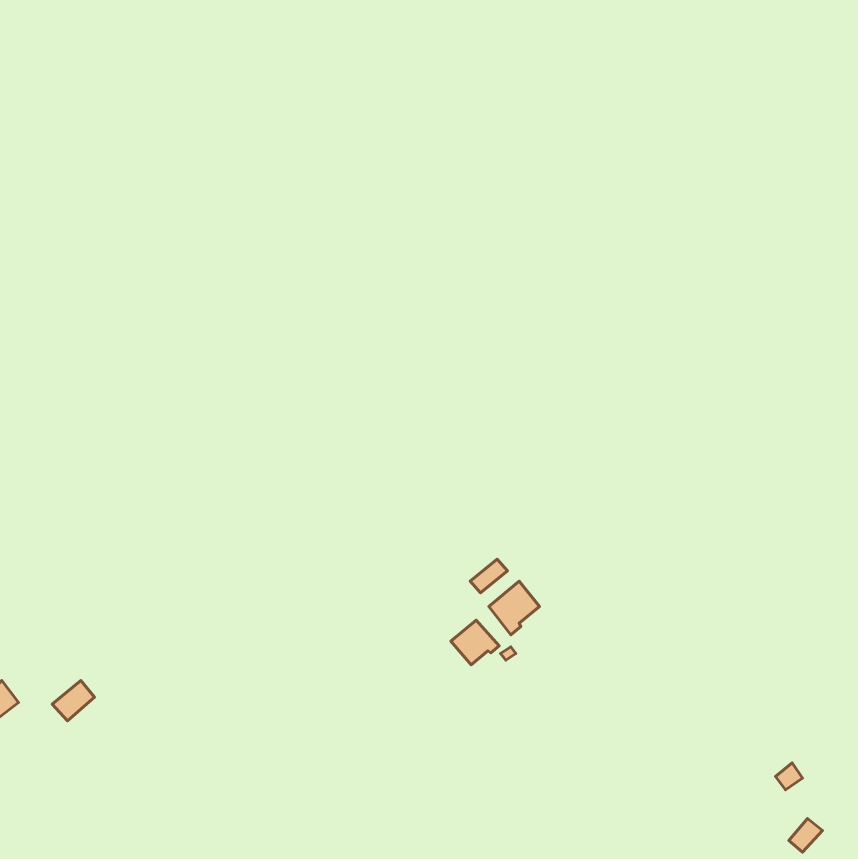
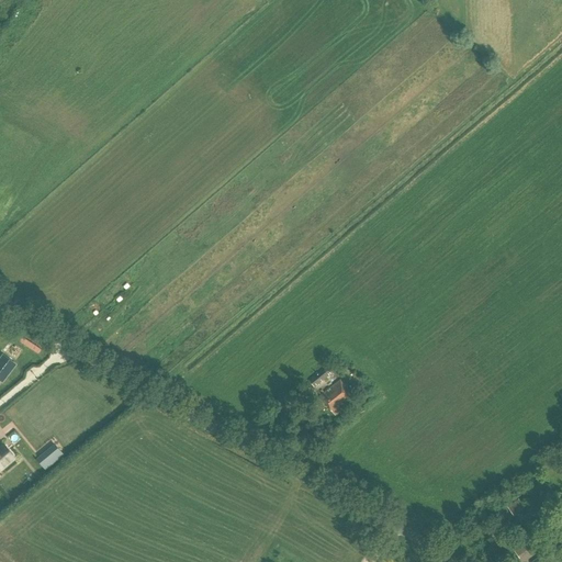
building: [451,620,499,665] -> none

